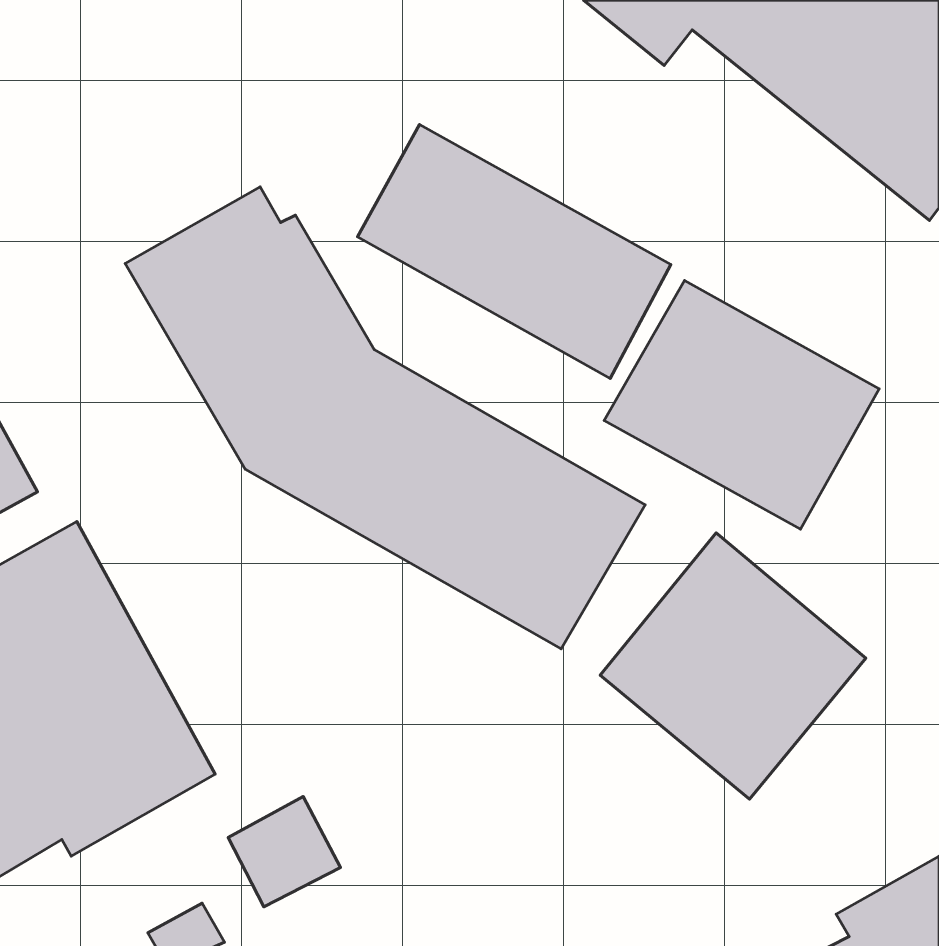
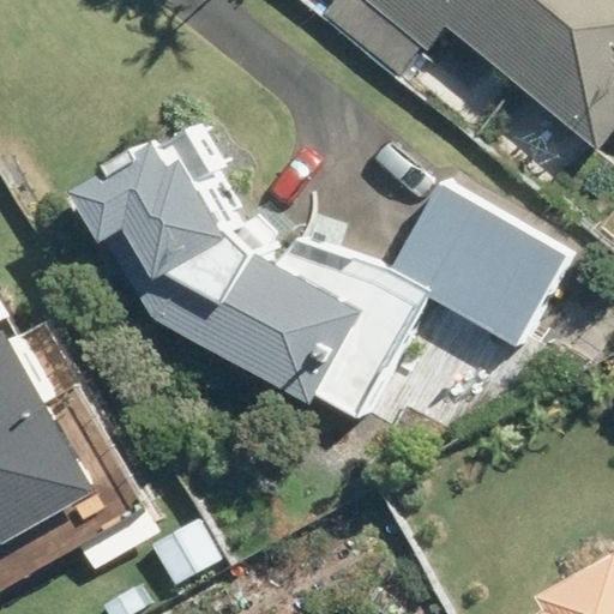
building: [357,125,671,378] -> none
building: [600,533,866,799] -> none

